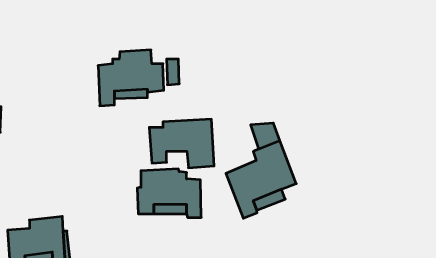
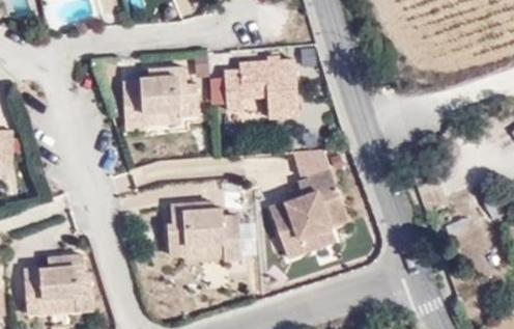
building: [149,119,214,168] -> [226,61,299,116]

